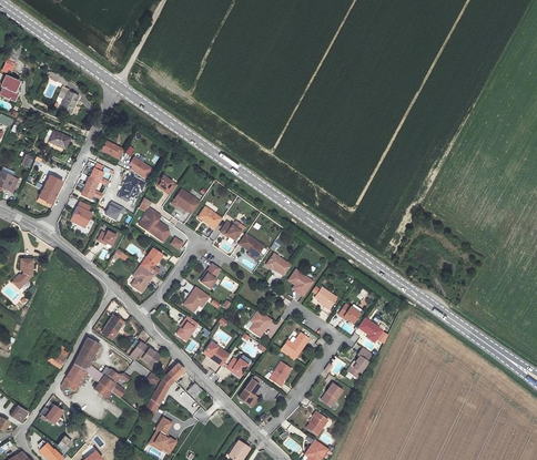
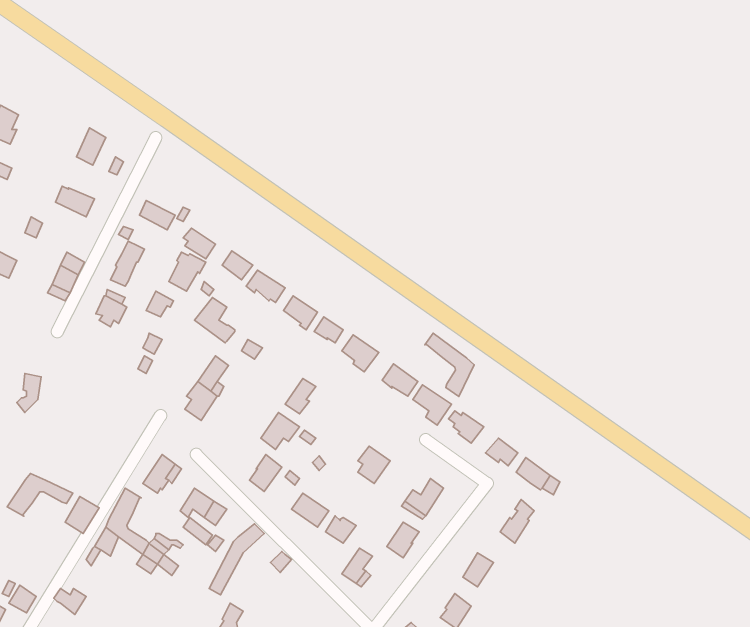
building: none -> [425,333,474,396]
building: none -> [7,473,73,516]

